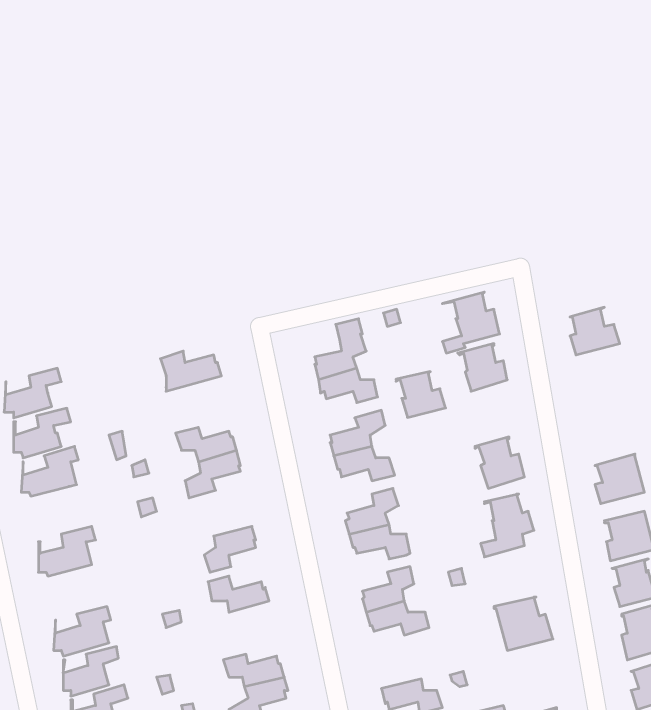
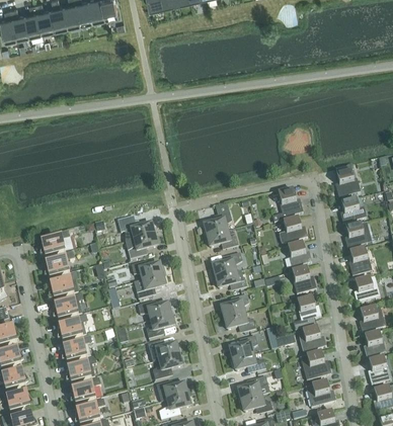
building: none -> [336,165,362,199]
building: none -> [345,224,373,250]
building: [396,372,446,417] -> [287,244,313,268]
building: none -> [127,236,158,260]
building: none -> [349,249,373,277]
building: none -> [54,294,84,321]
building: none -> [139,303,172,321]
building: none -> [299,328,327,353]
building: none -> [63,337,93,363]
building: none -> [154,355,182,381]
building: none -> [239,377,268,402]
building: none -> [307,382,336,409]

